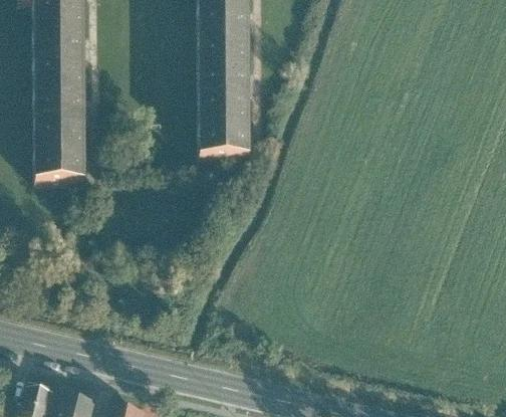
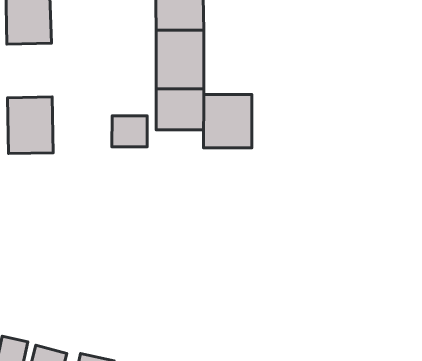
building: [33,61,83,122] -> none
building: none -> [204,94,252,148]
building: none -> [112,116,147,147]

